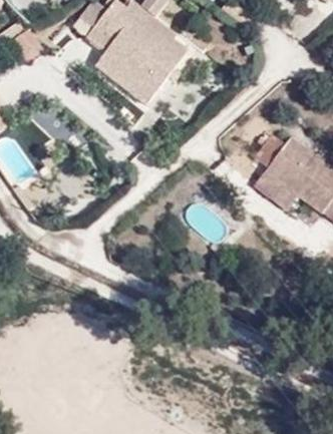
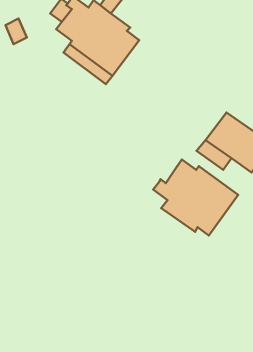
building: none -> [153,159,238,236]

